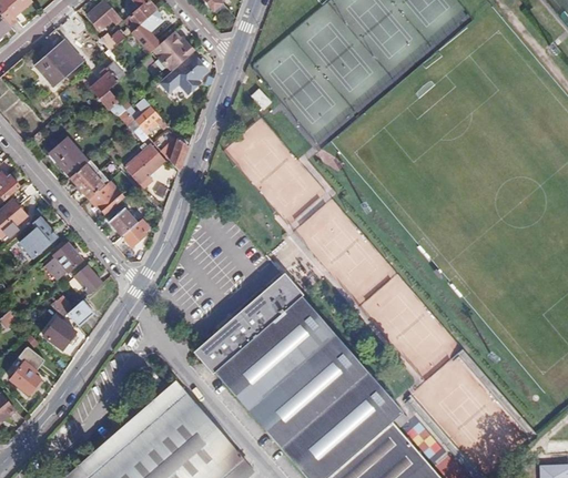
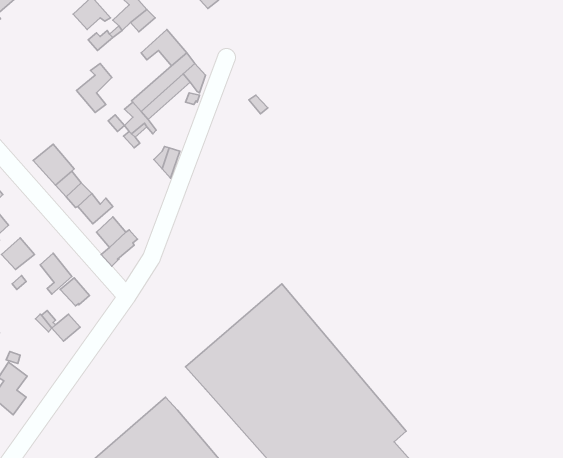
building: [36,40,83,87] -> none
building: [123,145,164,185] -> none
building: [42,318,74,349] -> none

